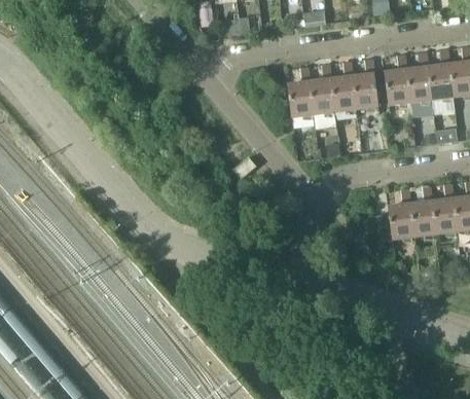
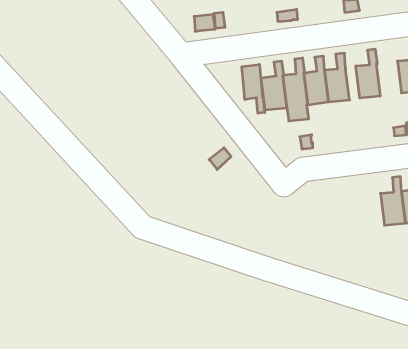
building: [406,50,433,116] -> none
building: none -> [242,64,265,113]
building: [376,187,414,240] -> none

